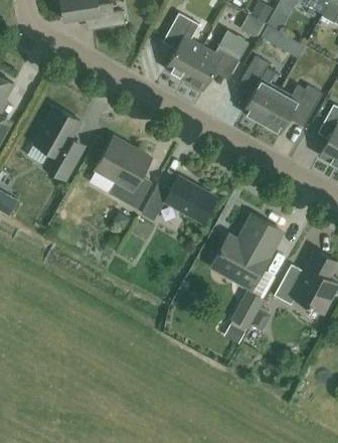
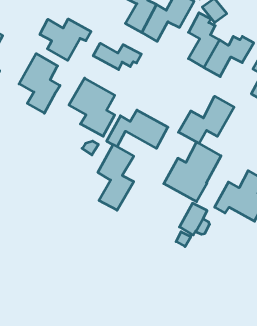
building: none -> [40,19,91,60]
building: none -> [93,43,141,70]
building: none -> [178,96,234,143]
building: none -> [98,145,134,210]

